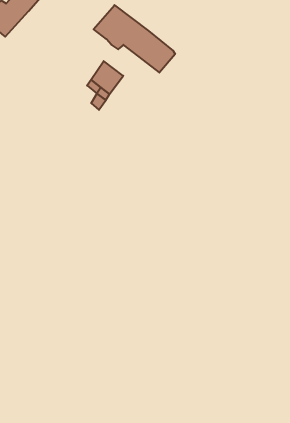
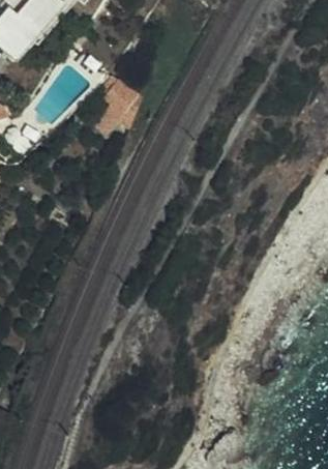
building: [94,5,175,73] -> none

